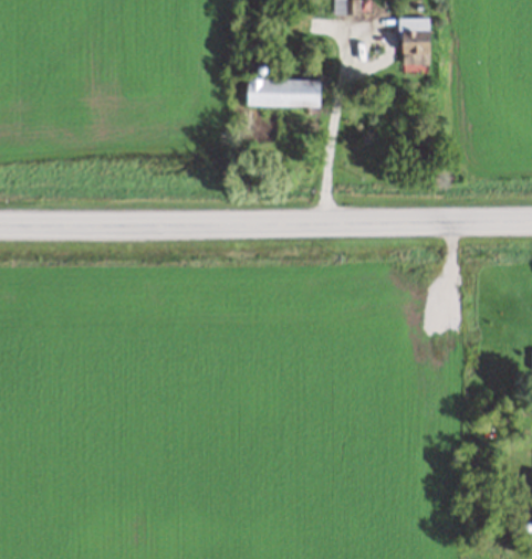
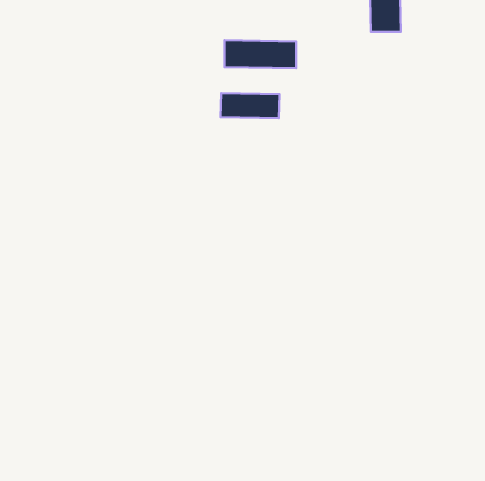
building: none -> [221,93,279,118]

